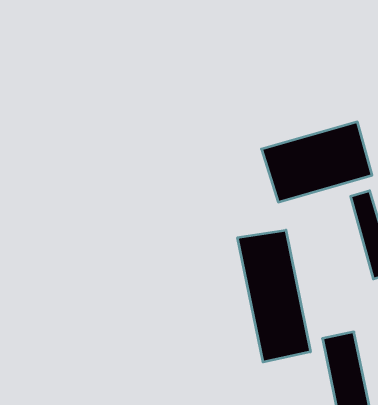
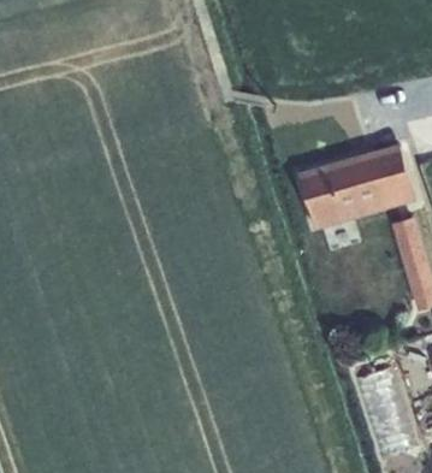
building: [238,230,310,362] -> none

